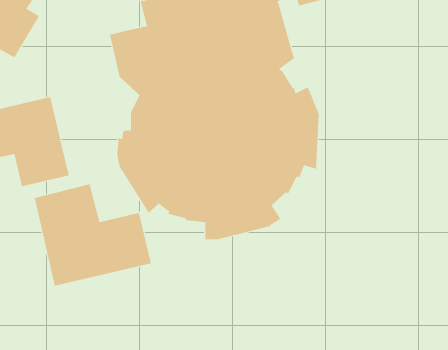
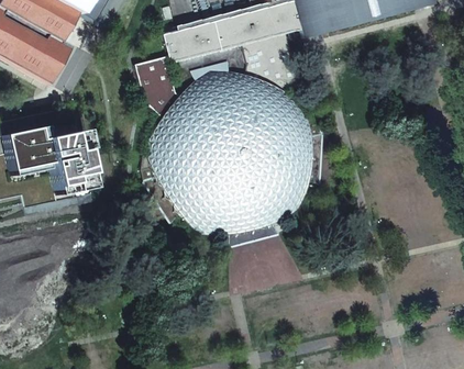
building: [34,184,152,286] -> none

